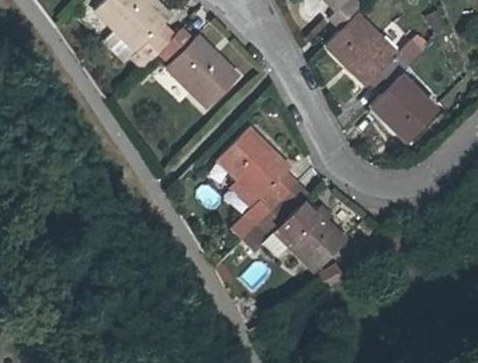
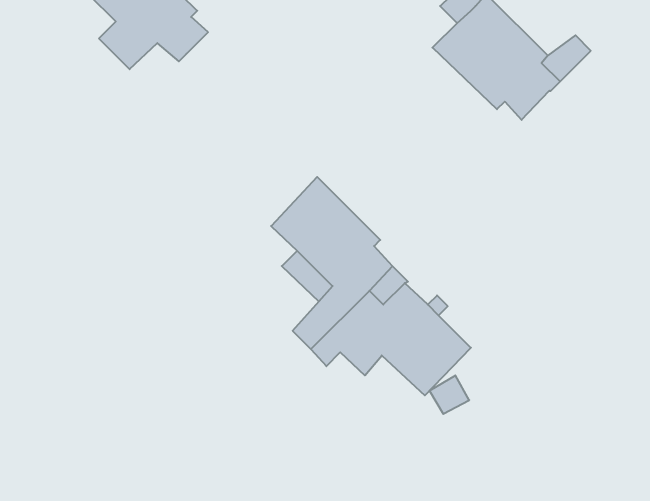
building: [163,30,240,106] -> none
building: [370,73,437,142] -> none

